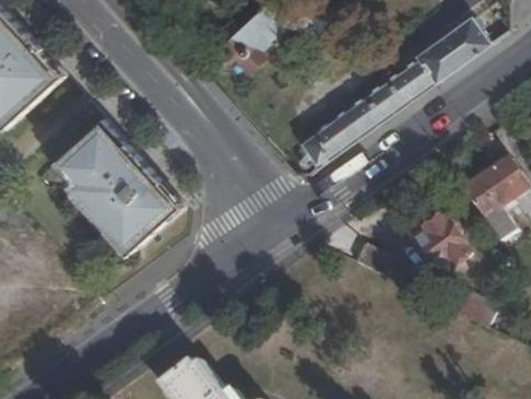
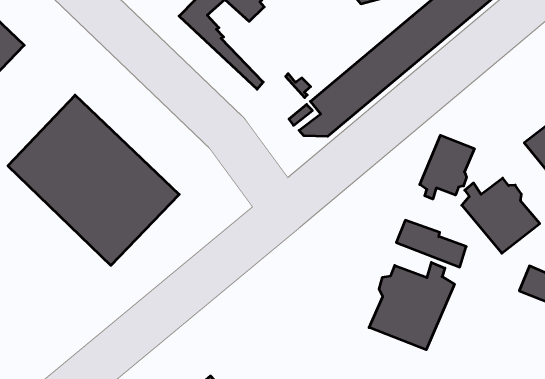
building: none -> [420,135,474,199]
building: none -> [369,262,454,350]

